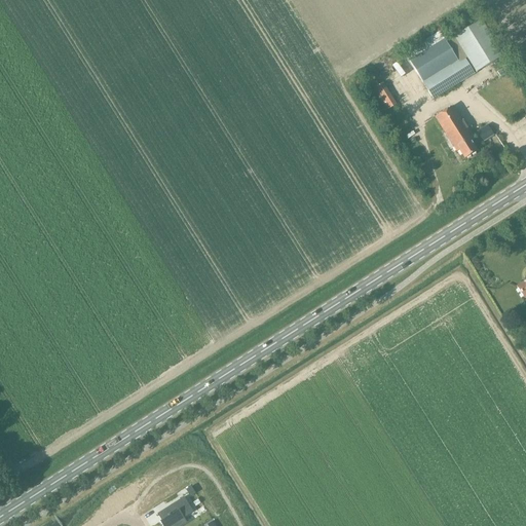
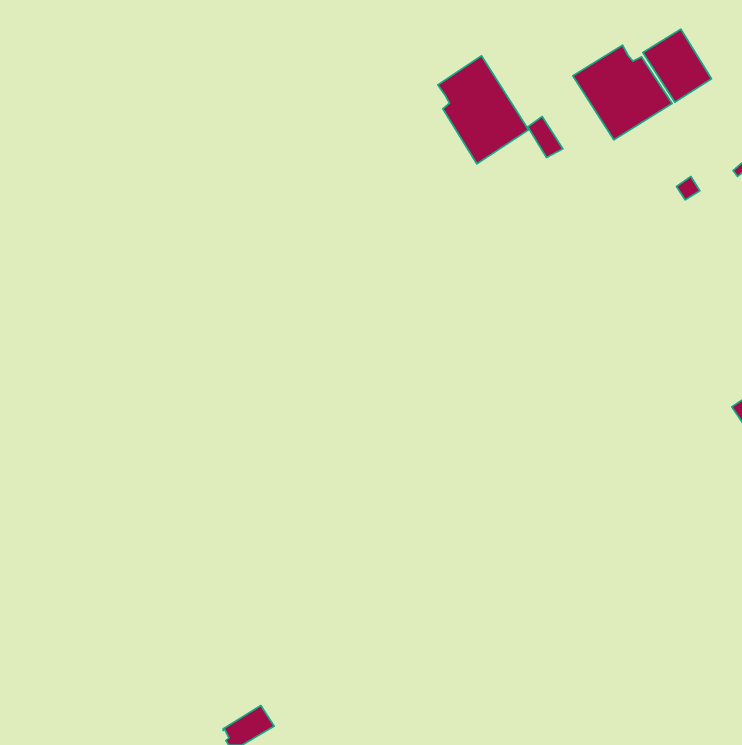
building: none -> [438,56,529,164]
building: [437,106,479,158] -> none

